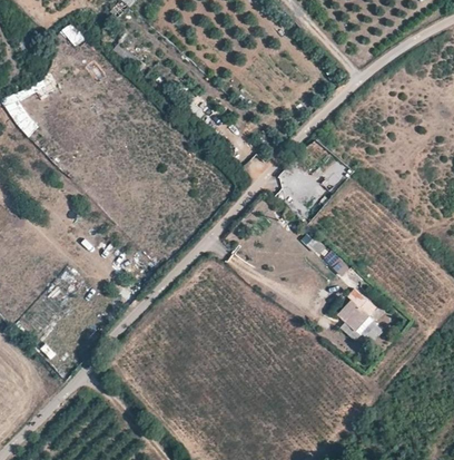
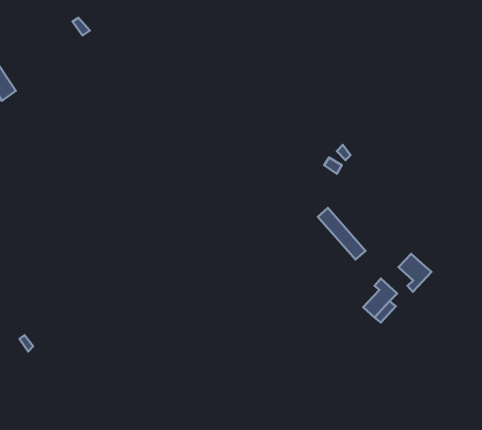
building: none -> [398,254,432,292]

